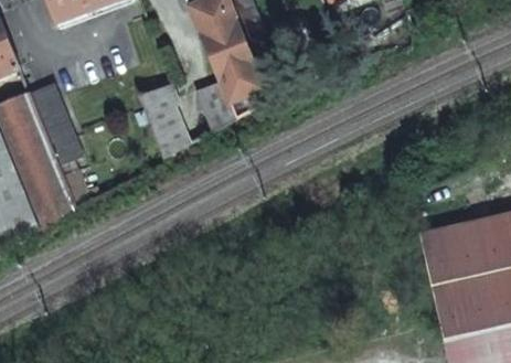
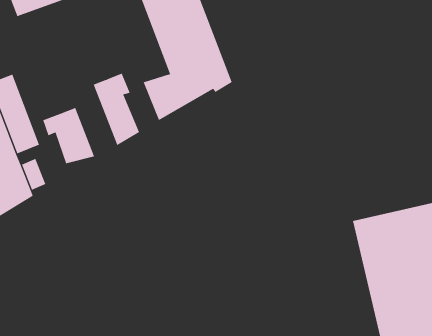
building: none -> [42,107,95,164]

